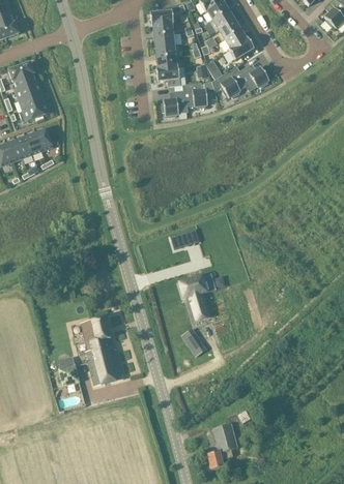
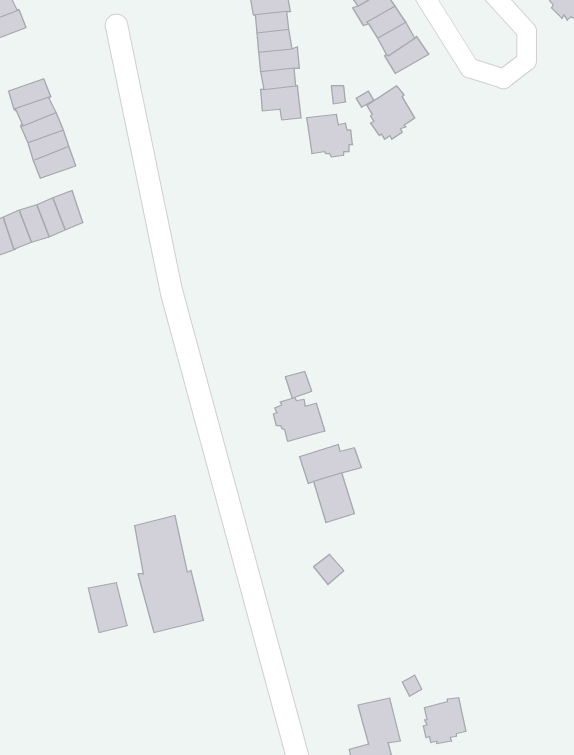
building: [238,66,268,90] -> none
building: [161,91,187,117] -> none
building: none -> [273,397,325,441]
building: none -> [423,698,466,744]

